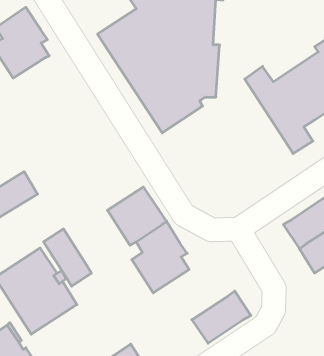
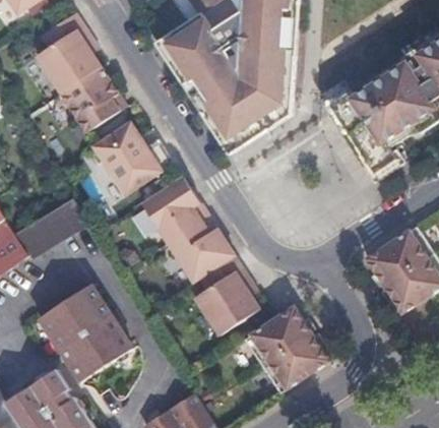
building: none -> [59,66,125,131]
building: none -> [91,121,173,194]
building: none -> [140,175,206,241]
building: [44,229,91,286] -> none
building: none -> [243,305,310,365]

